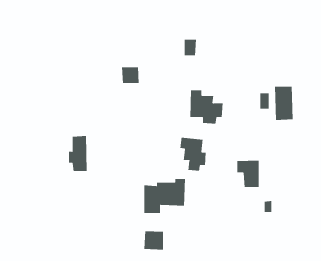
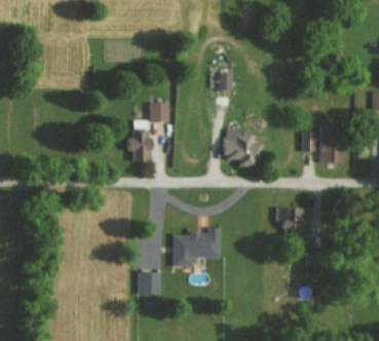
building: [68,136,88,172] -> [129,120,151,160]
building: [180,137,206,171] -> none
building: [144,231,164,250] -> [138,272,160,294]

